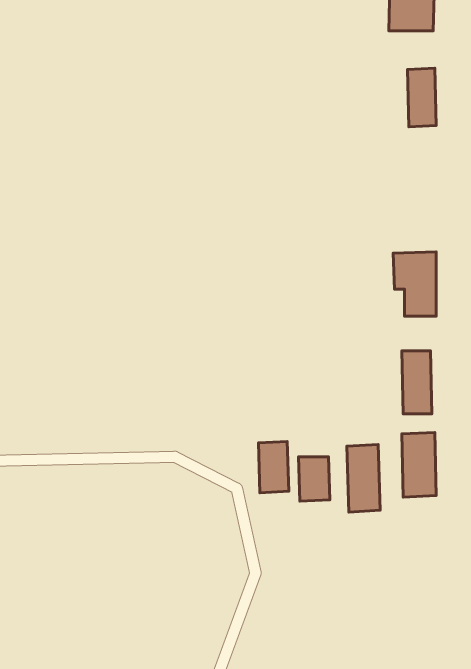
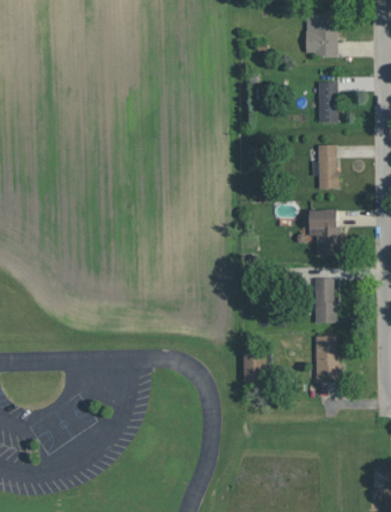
building: none -> [312,145,339,189]
building: [258,442,289,493] -> none
building: [347,444,380,512] -> none

